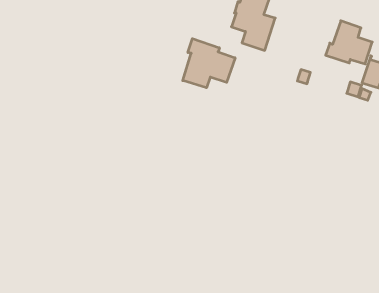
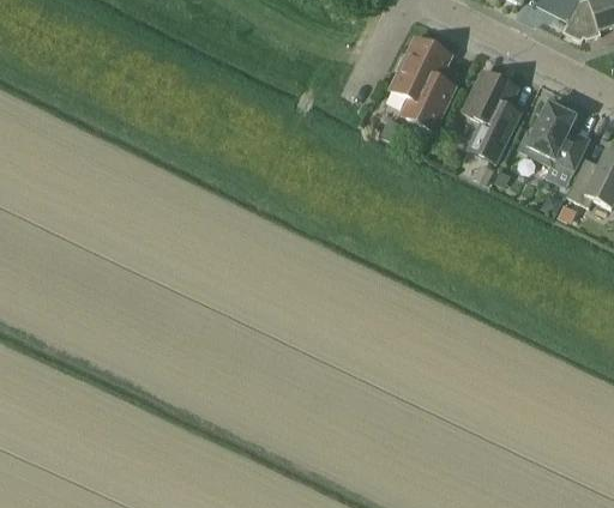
building: none -> [463,69,522,163]
building: [183,39,235,88] -> none

